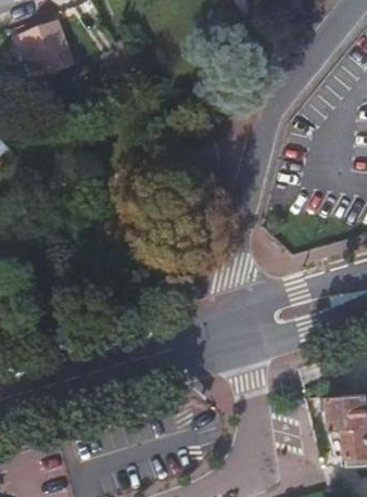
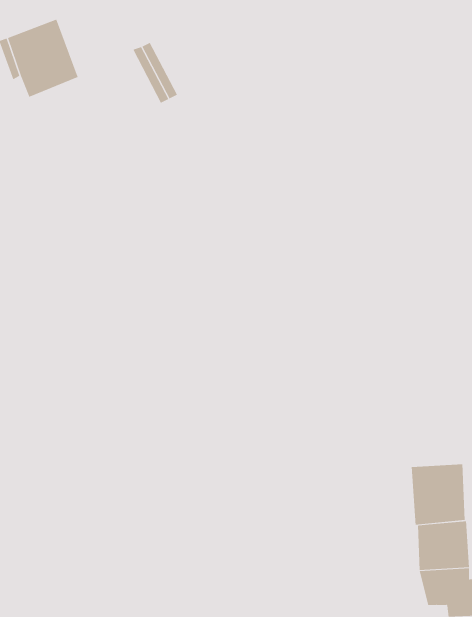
building: none -> [411,463,465,525]

